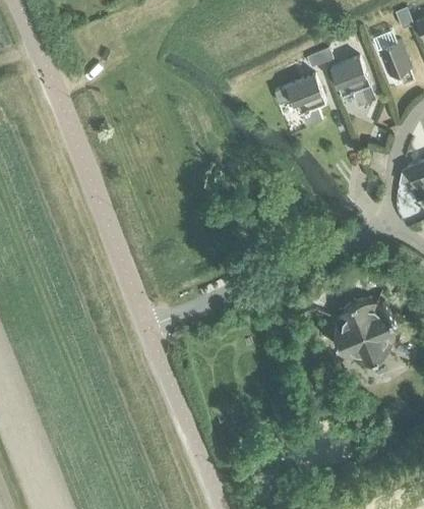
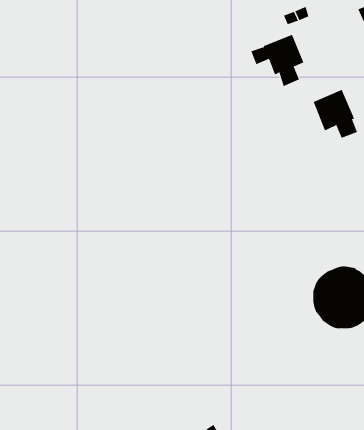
building: [330,57,374,105] -> [313,89,358,138]

